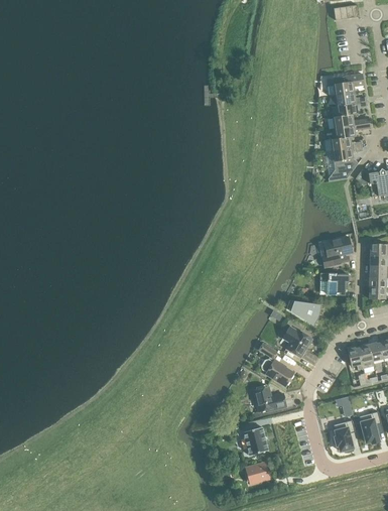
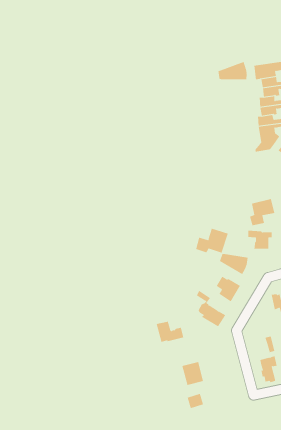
building: none -> [218,61,247,80]
building: none -> [195,228,229,253]
building: [253,386,286,411] -> [156,321,184,343]

